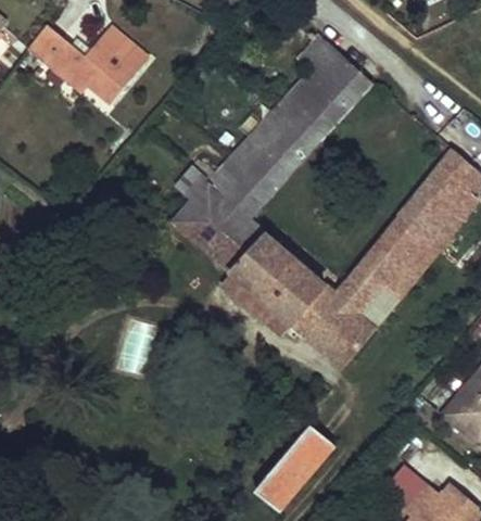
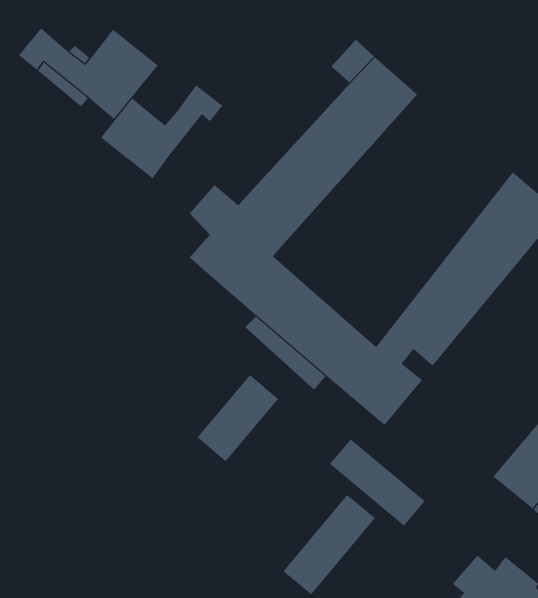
building: none -> [100,84,223,179]
building: none -> [197,374,279,462]
building: none -> [329,438,425,526]

